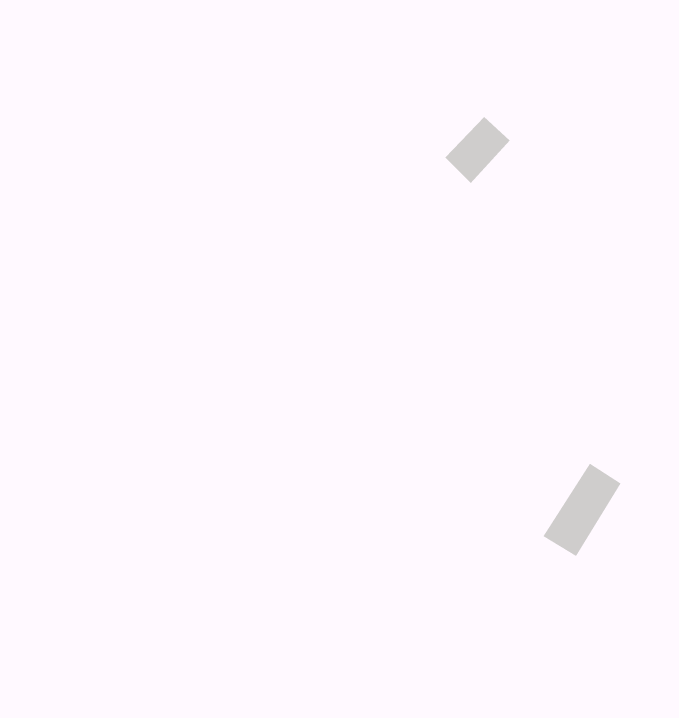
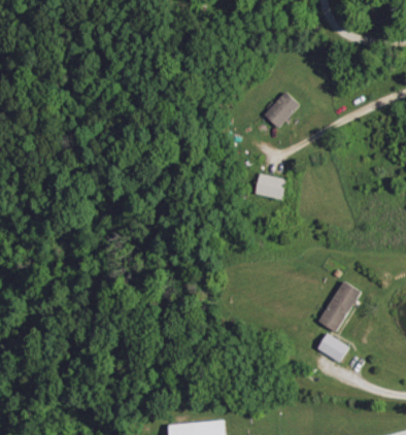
building: none -> [255,173,285,200]
building: none -> [316,334,348,363]

